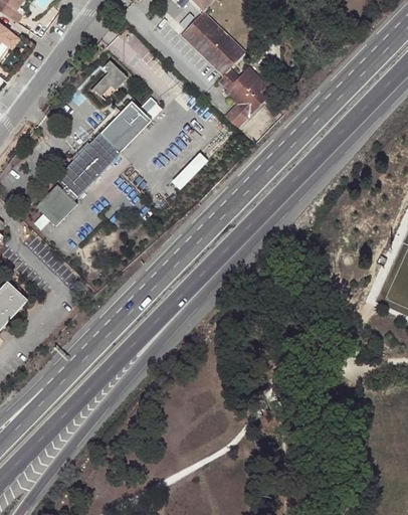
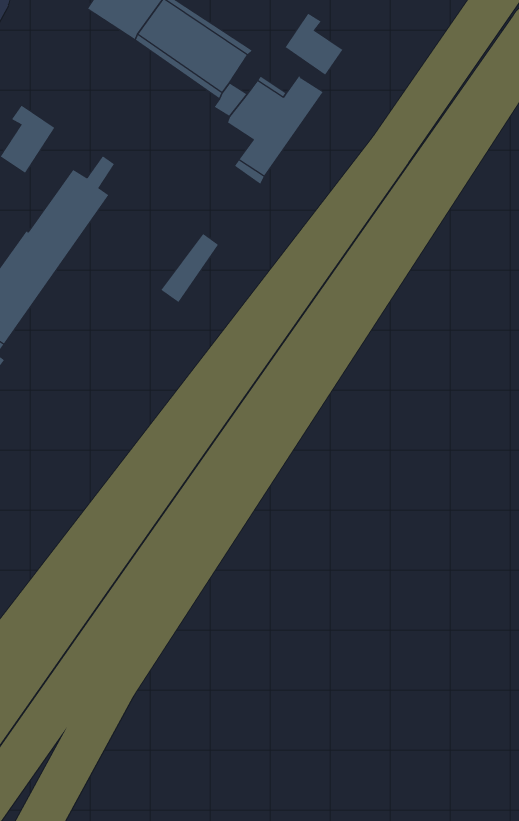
building: none -> [285,13,343,76]

